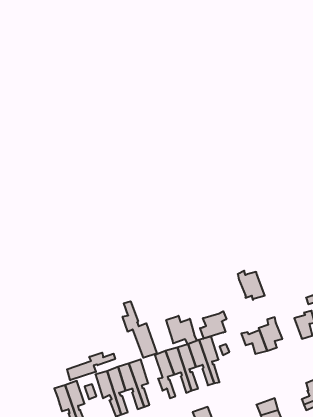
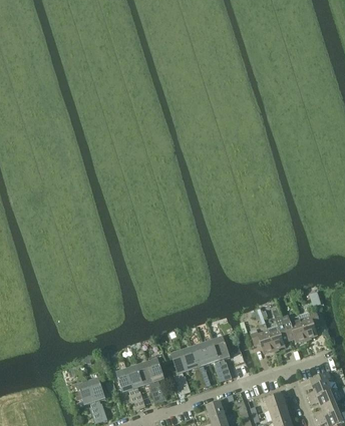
building: [238,271,265,300] -> [282,315,307,342]
building: [123,301,157,358] -> none
building: [200,311,226,339] -> none
building: [166,316,197,344] -> none
building: [67,353,115,380] -> none

